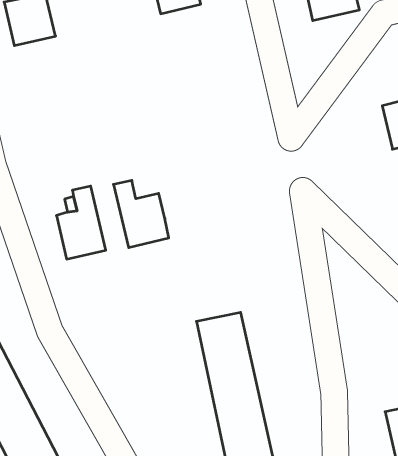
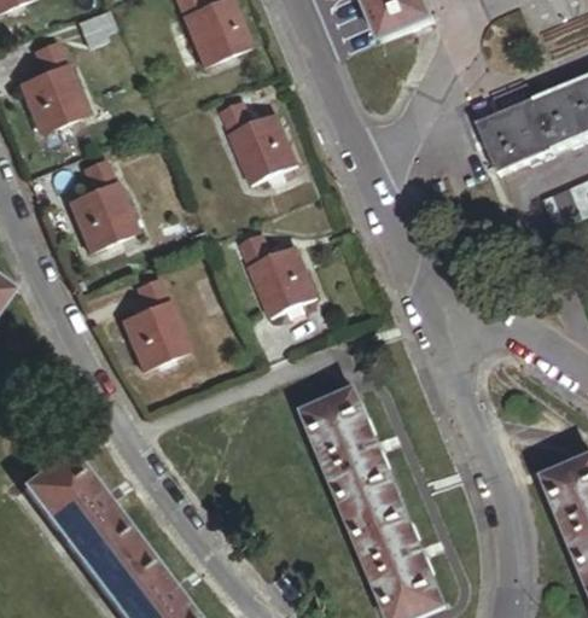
building: none -> [221,101,296,181]
building: none -> [69,158,134,249]
building: [113,180,169,248] -> [239,235,314,314]

